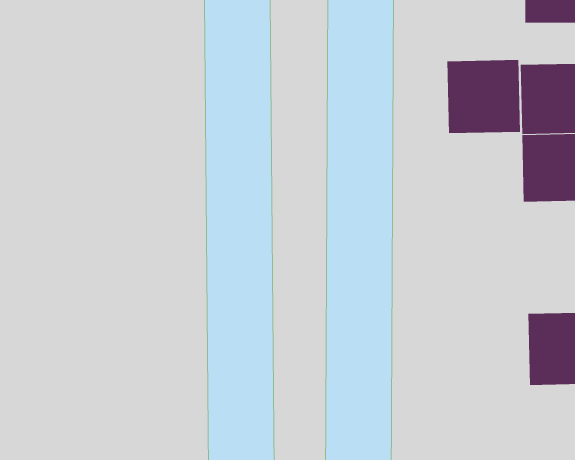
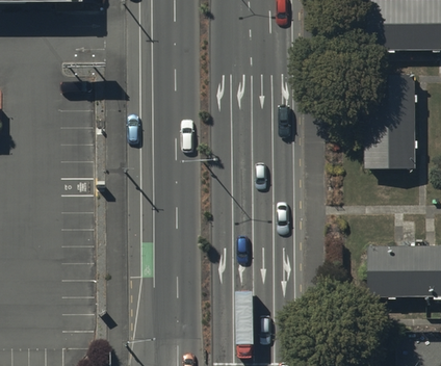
building: [447,59,520,134] -> none

